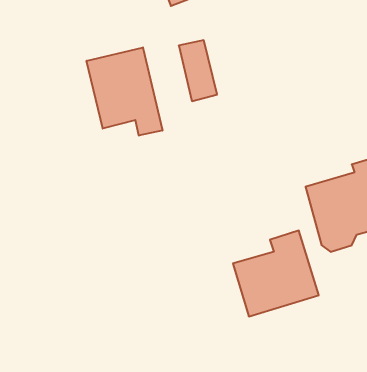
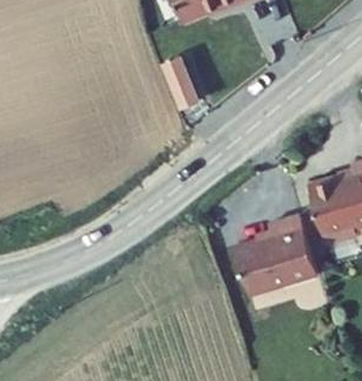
building: [87,47,162,136] -> none

